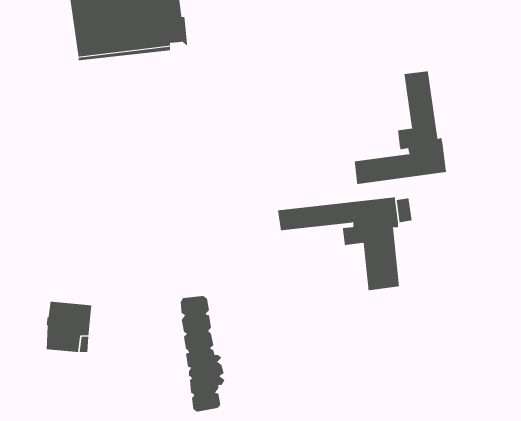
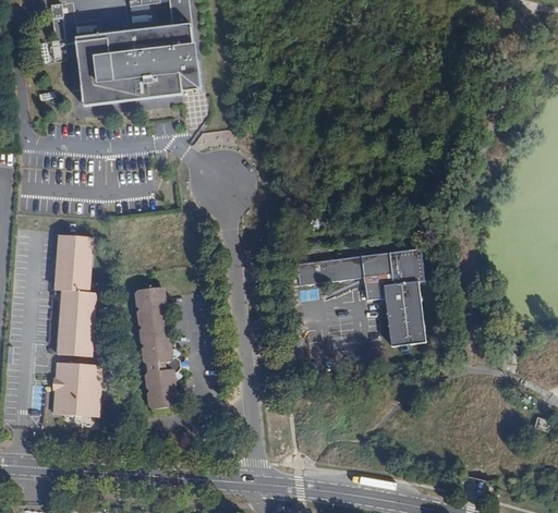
building: [354,71,447,185] -> none
building: none -> [54,234,94,355]
building: [180,296,225,412] -> [135,288,183,411]

